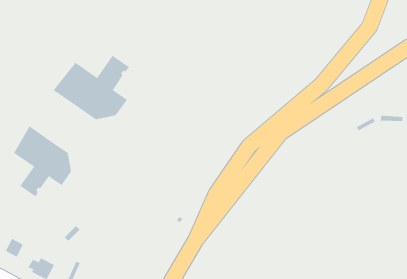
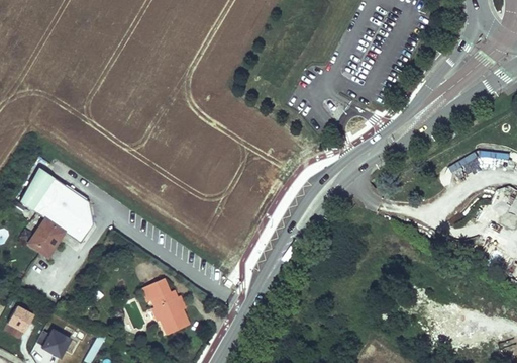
building: [53,55,130,120] -> none
building: none -> [141,280,189,335]

